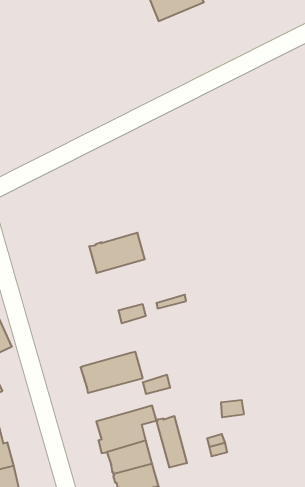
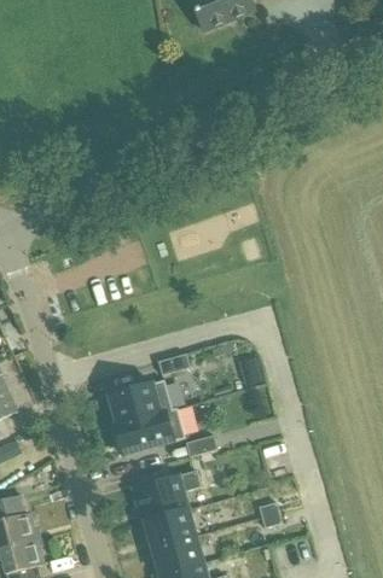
building: [89,233,145,273] -> [108,379,172,425]
building: [156,416,187,468] -> none

